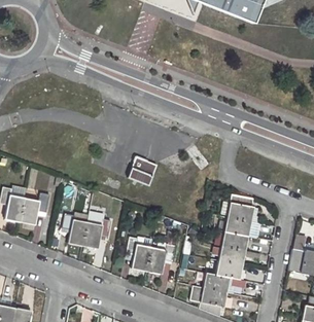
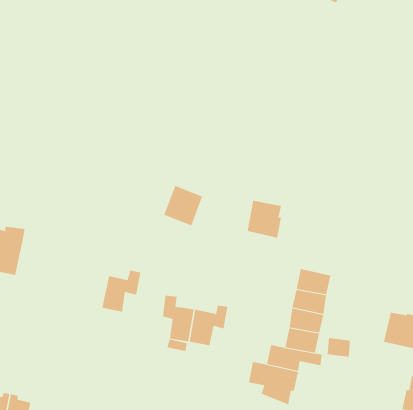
building: [21,192,49,224] -> none
building: [229,193,254,221] -> [247,200,282,238]
building: [63,212,89,245] -> none

